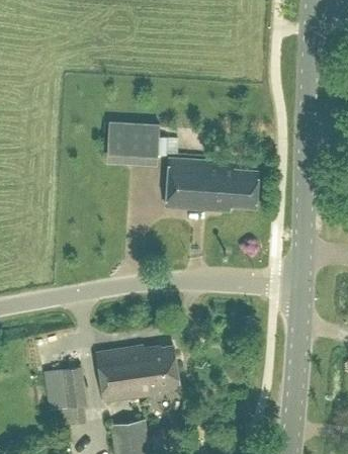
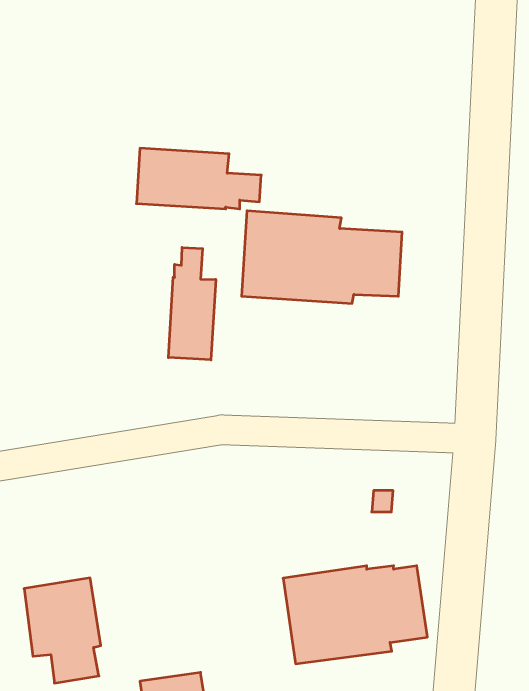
building: none -> [168,247,216,360]
building: [97,345,179,400] -> [283,566,427,664]

